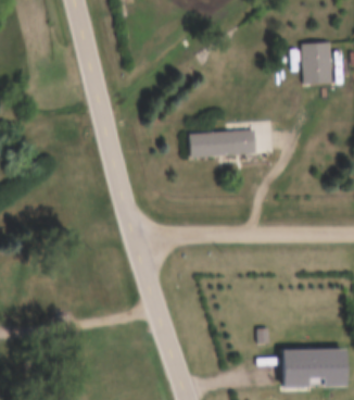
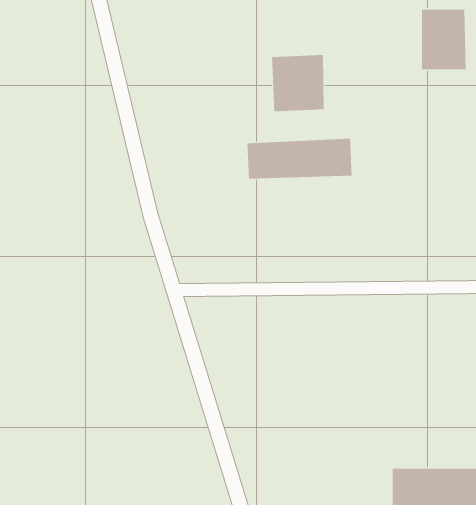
building: none -> [271,54,324,112]

